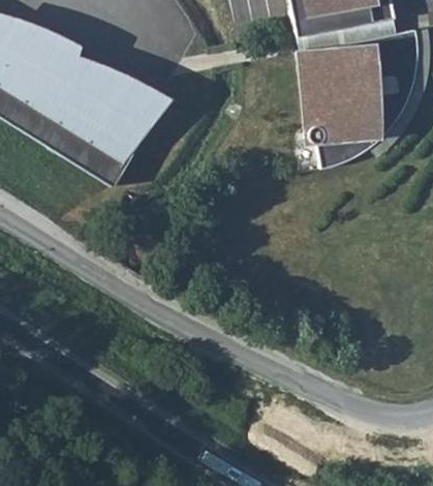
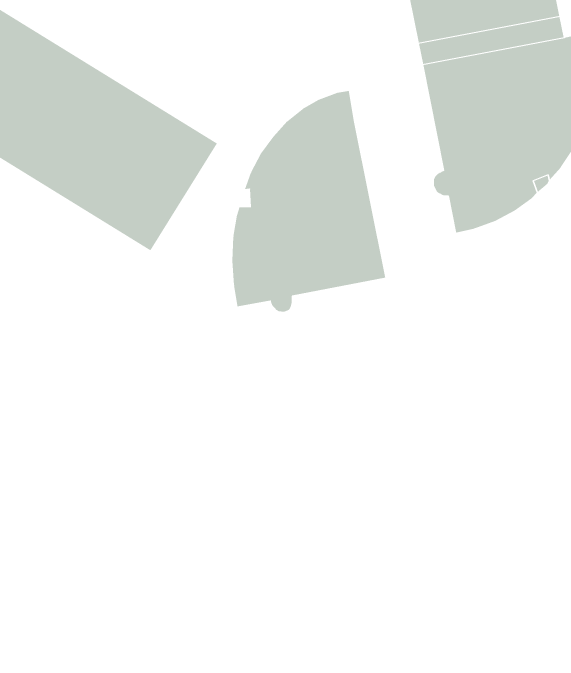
building: none -> [232,90,386,313]

